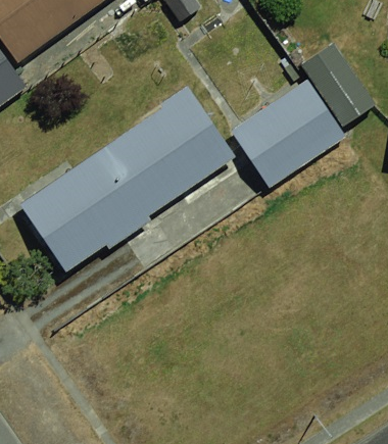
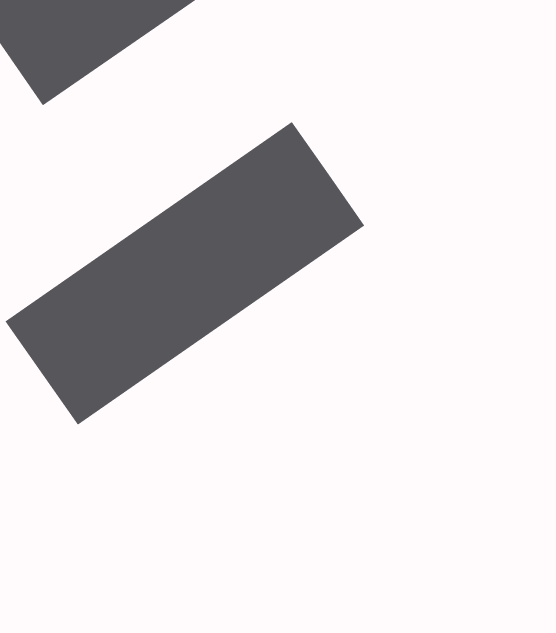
building: [232,72,348,187] -> none

